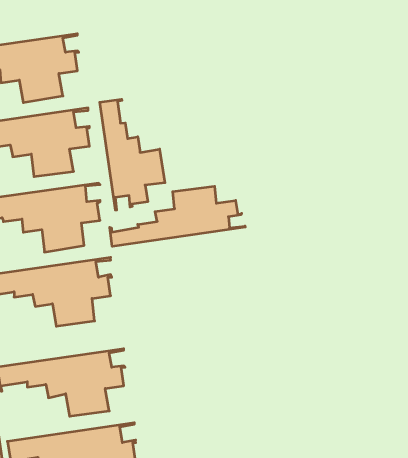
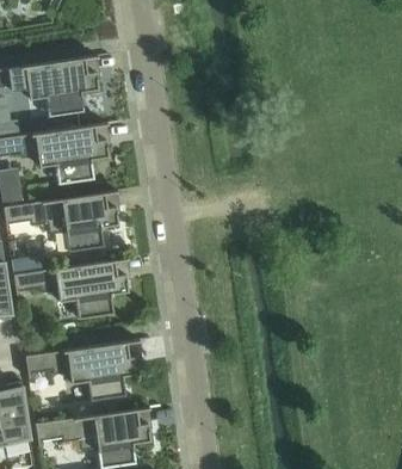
building: [100,99,165,210] -> none
building: [110,186,245,246] -> none

